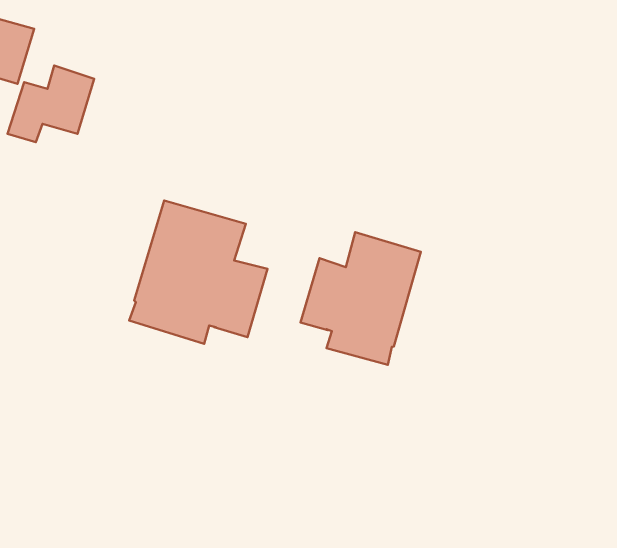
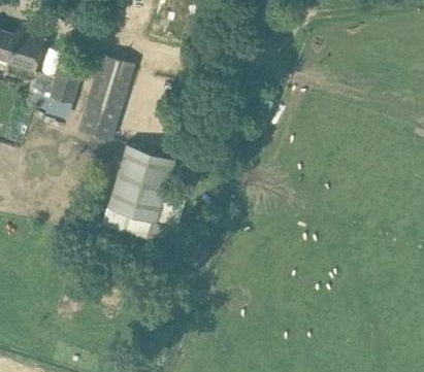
building: none -> [76,56,134,142]
building: [301,232,421,365] -> none

